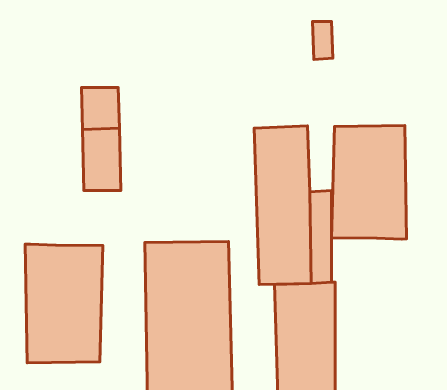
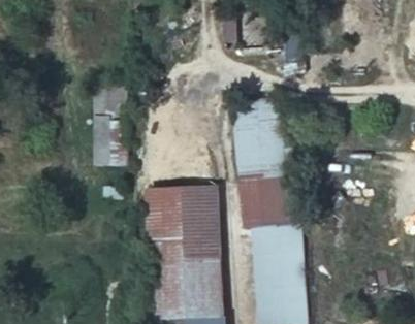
building: [331,125,407,239] -> none
building: [25,244,103,363] -> none

